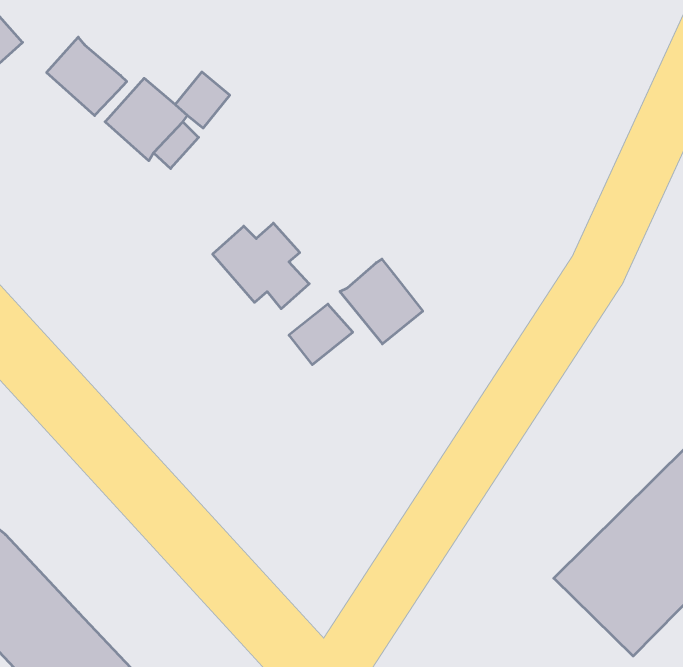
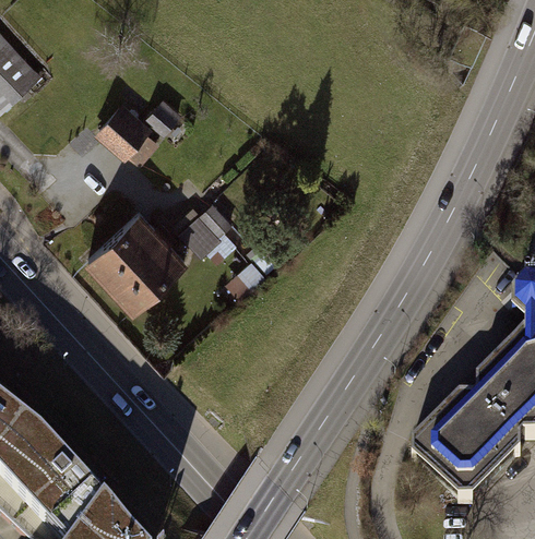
building: [47,37,127,116] -> none
building: none -> [87,213,186,310]
building: [340,259,423,344] -> none

